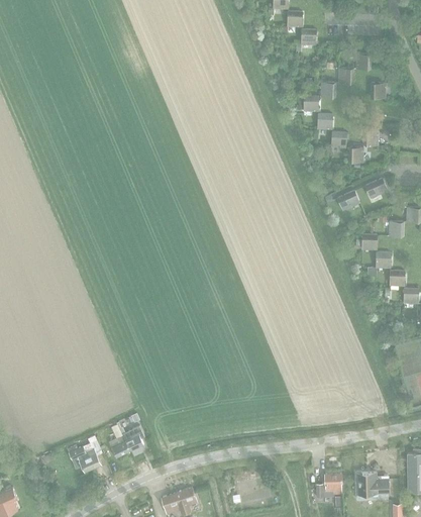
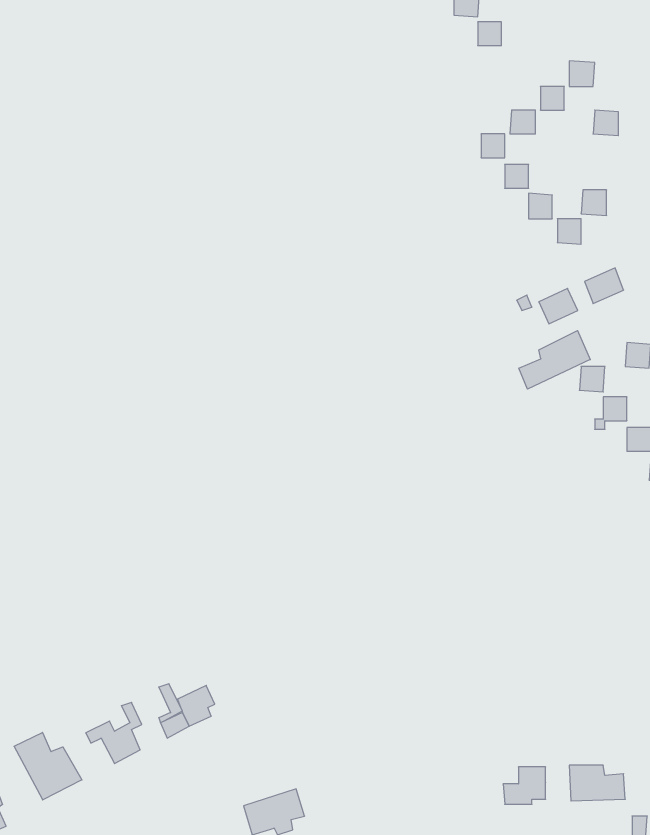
building: none -> [519,331,590,389]
building: none -> [14,732,82,800]

